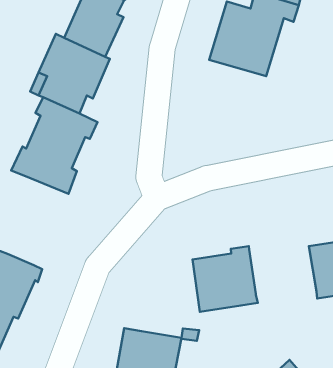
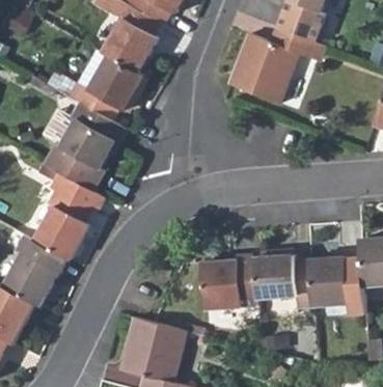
building: none -> [35,172,103,259]
building: none -> [253,255,310,302]

